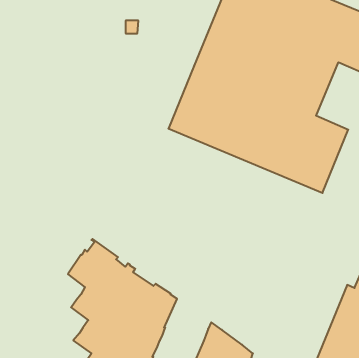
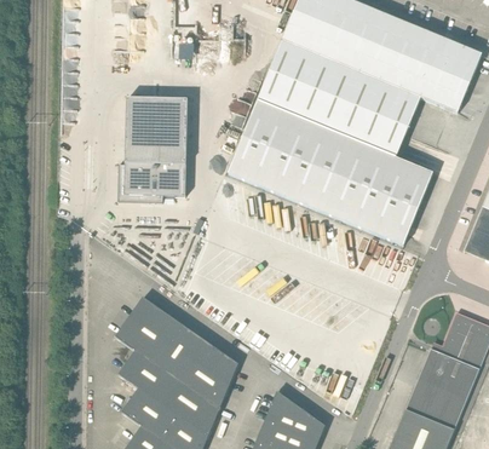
building: none -> [119,96,190,201]

